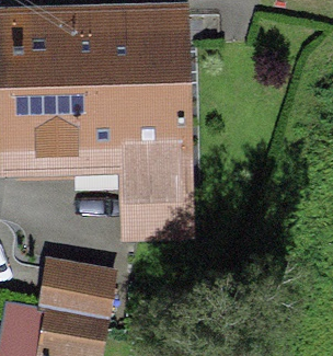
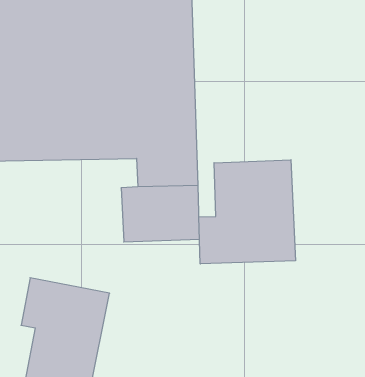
building: none -> [199,160,295,264]

